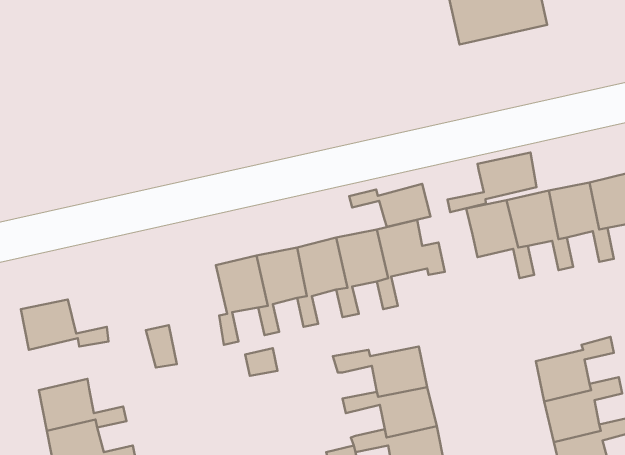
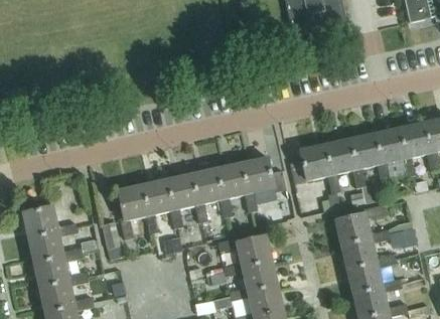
building: [448,153,537,212] -> none
building: [349,184,430,227] -> none
building: none -> [119,184,151,238]
building: none -> [336,204,385,244]
building: none -> [28,229,84,262]

